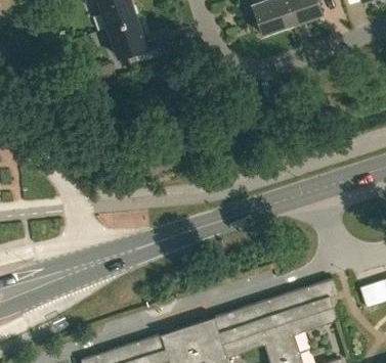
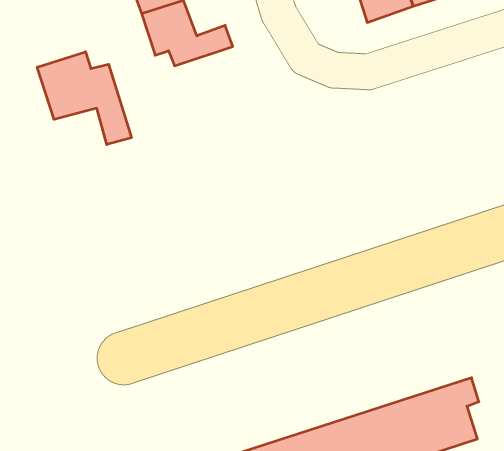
building: none -> [37,52,131,145]

